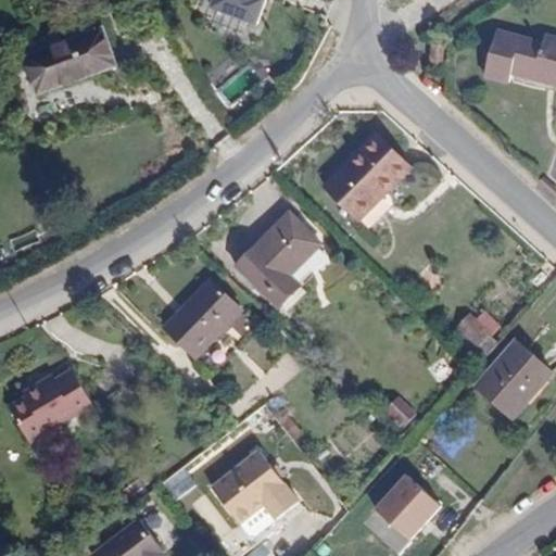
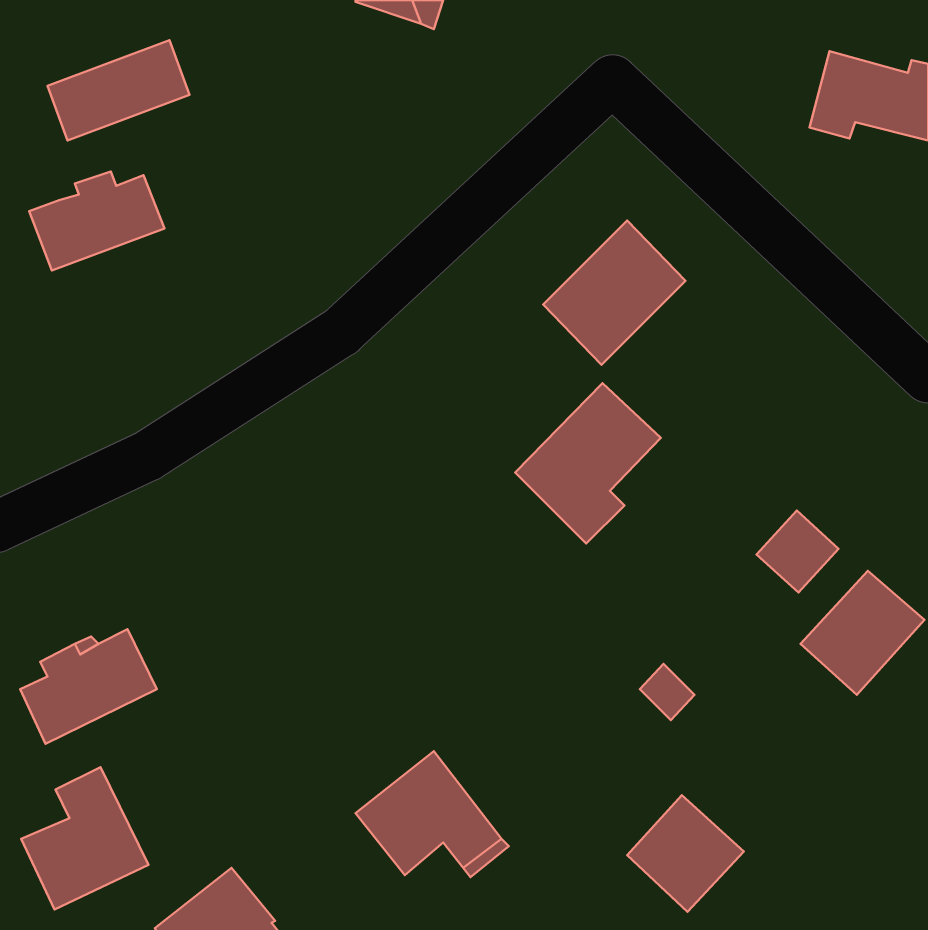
building: none -> [29,171,165,271]
building: [235,210,321,305] -> [515,383,661,544]
building: [164,280,240,356] -> none
building: none -> [21,767,148,909]

